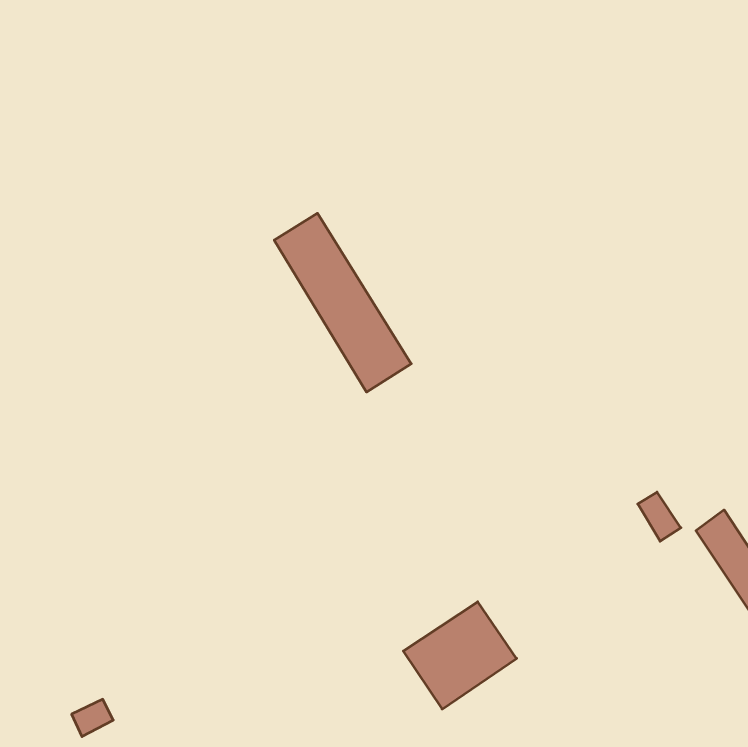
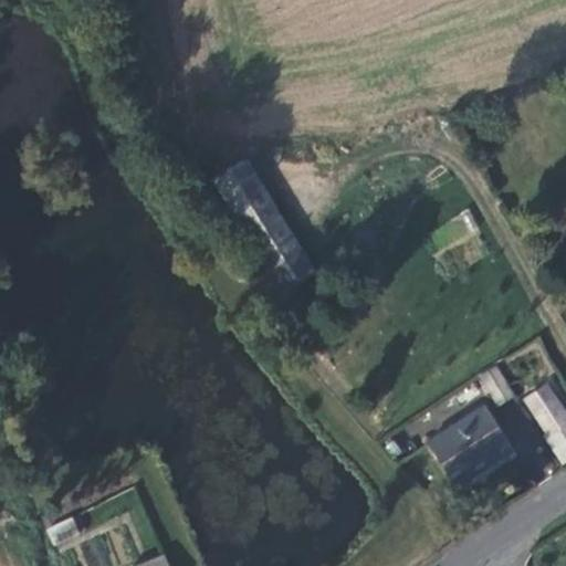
building: [403,602,517,709] -> [427,406,511,485]

